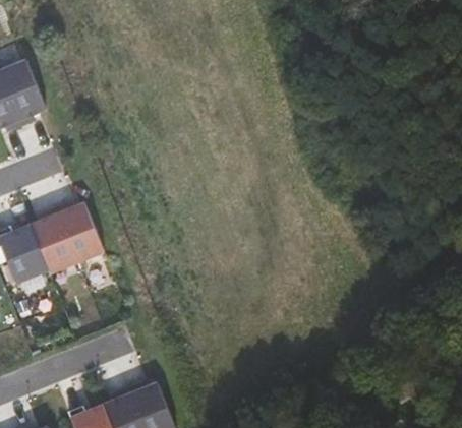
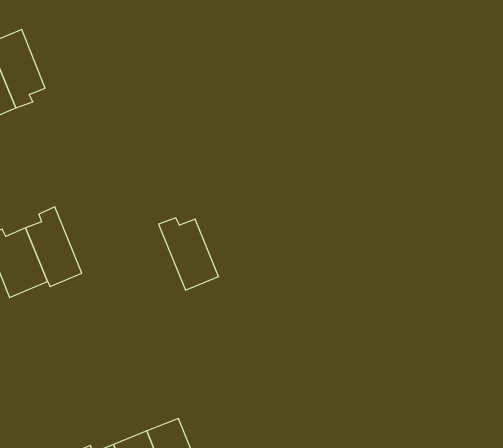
building: [53,202,103,262] -> [159,218,219,290]

